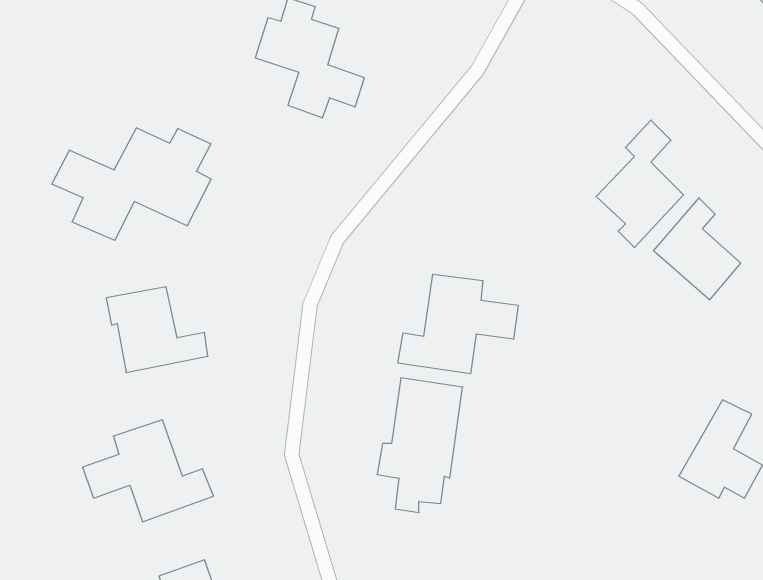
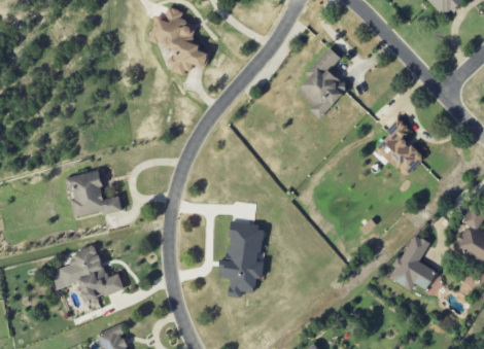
building: [596,120,684,248] -> [298,46,347,118]
building: [52,128,211,240] -> none
building: [398,274,518,374] -> none

